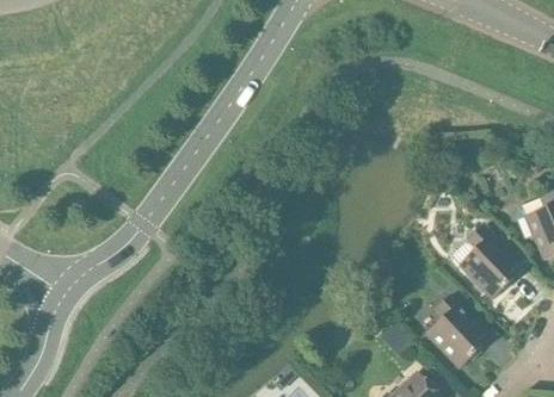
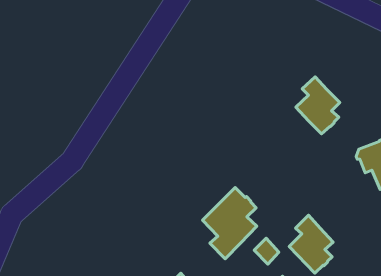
building: [458,225,516,299] -> [296,77,340,134]
building: none -> [202,187,257,259]

